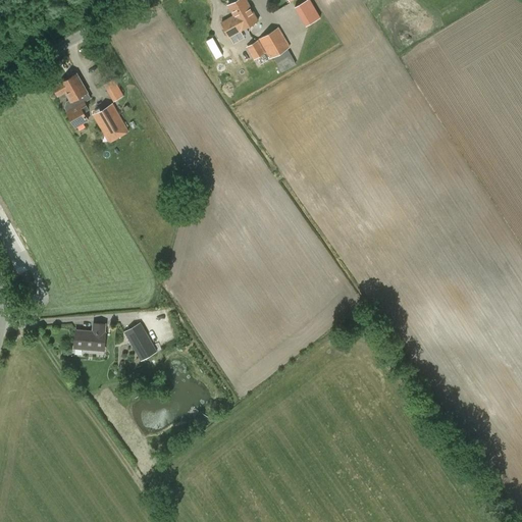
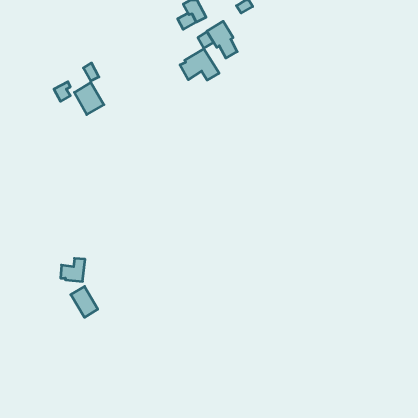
building: none -> [180,49,219,80]
building: [53,74,90,111] -> none
building: [123,322,157,361] -> [71,286,98,317]

